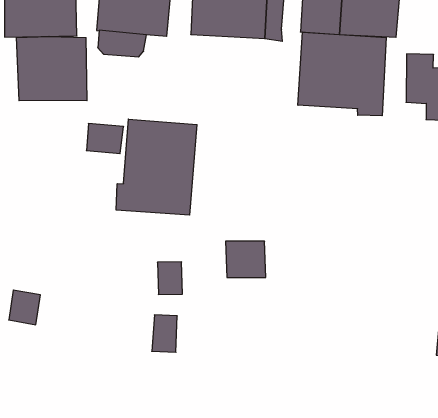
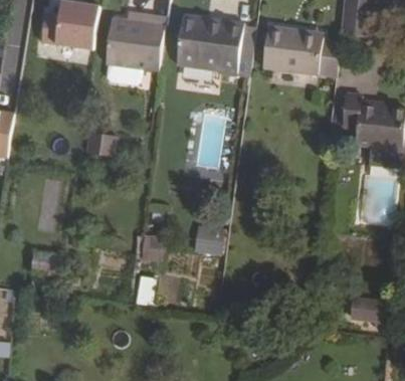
building: [298,32,386,116] -> none
building: [17,36,87,101] -> none
building: [116,119,197,215] -> none

